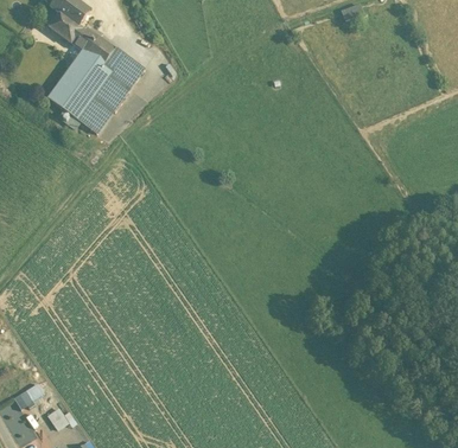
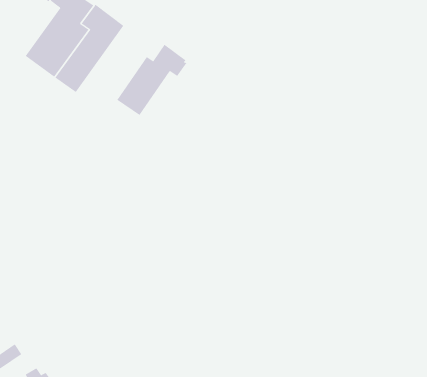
building: none -> [117,44,187,116]

